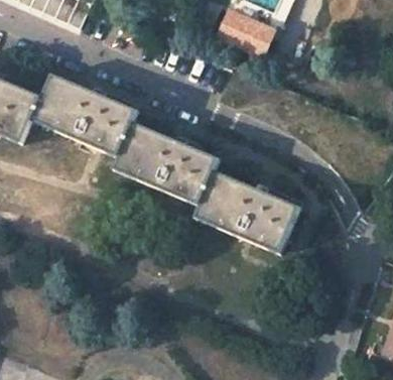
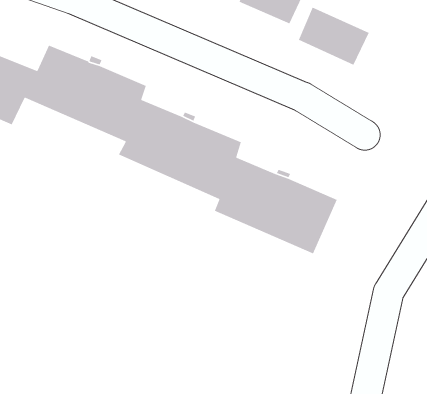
building: none -> [298,7,370,66]

